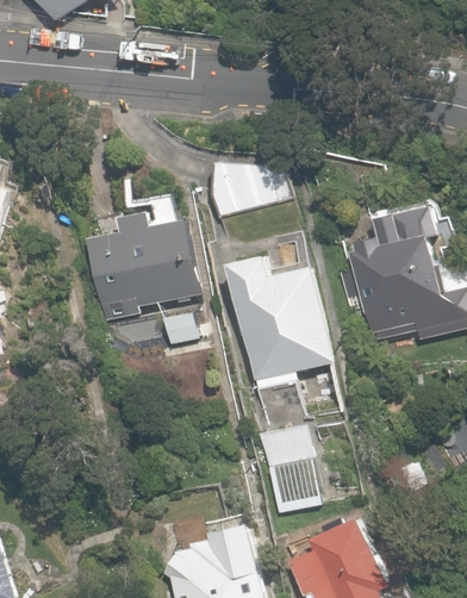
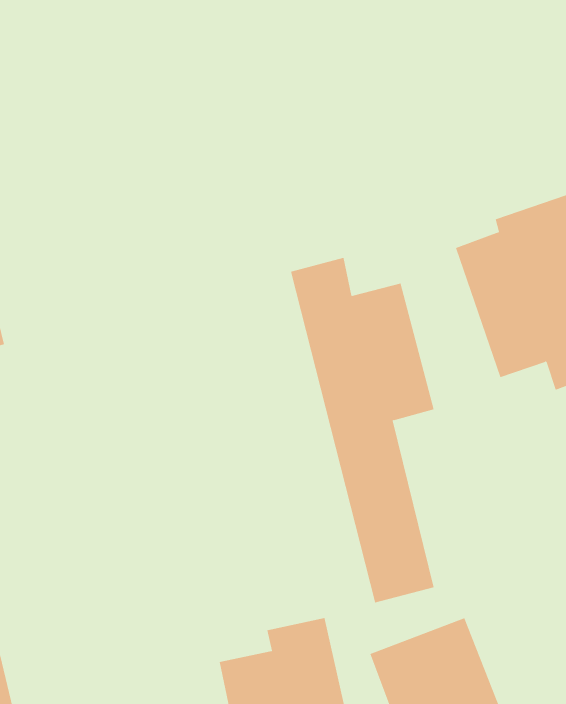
building: [88,205,195,326] -> none

